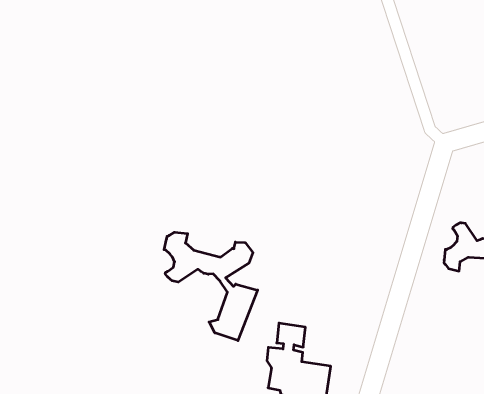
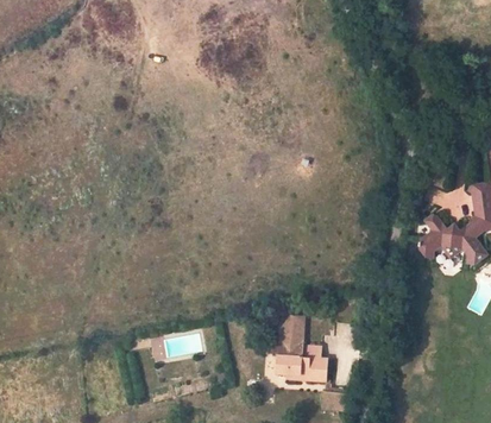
building: [164,232,258,341] -> none

